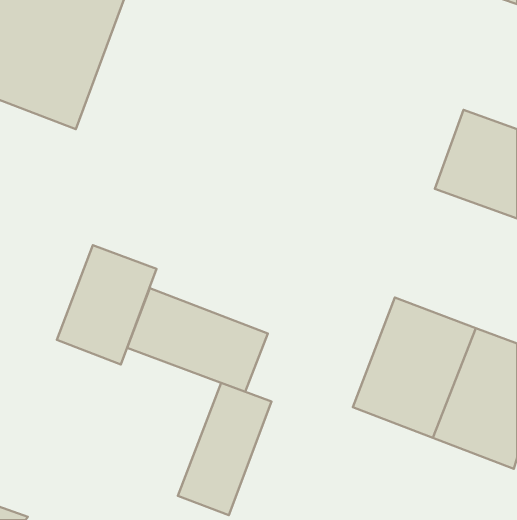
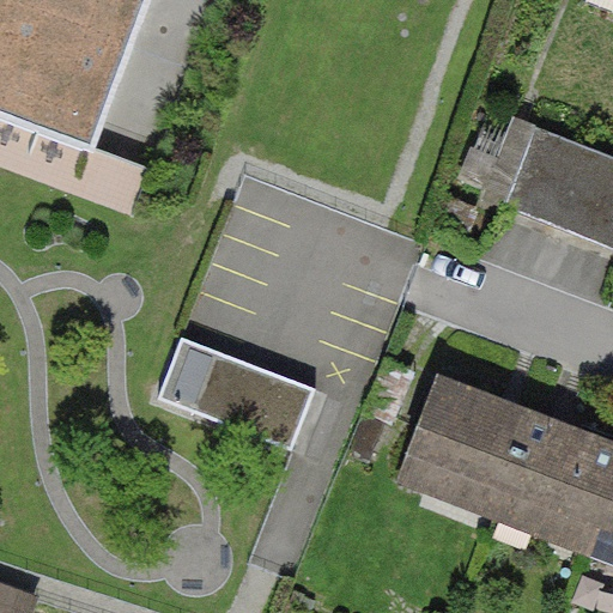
building: [57,245,156,364] -> none
building: [178,383,271,515] -> none

